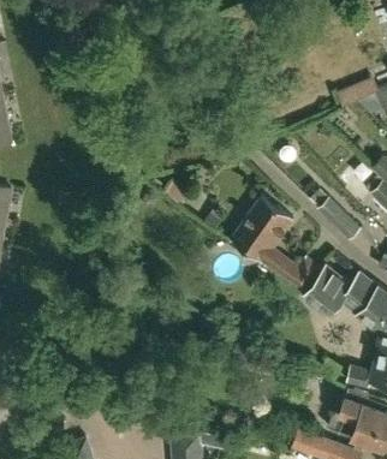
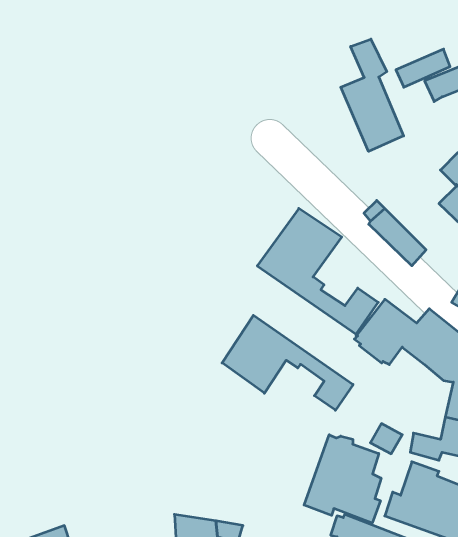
building: none -> [341,39,404,151]
building: none -> [222,315,353,410]
building: none -> [304,435,381,523]

